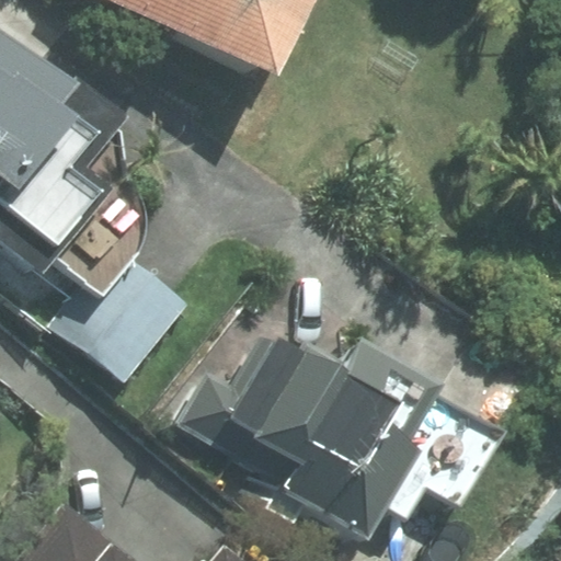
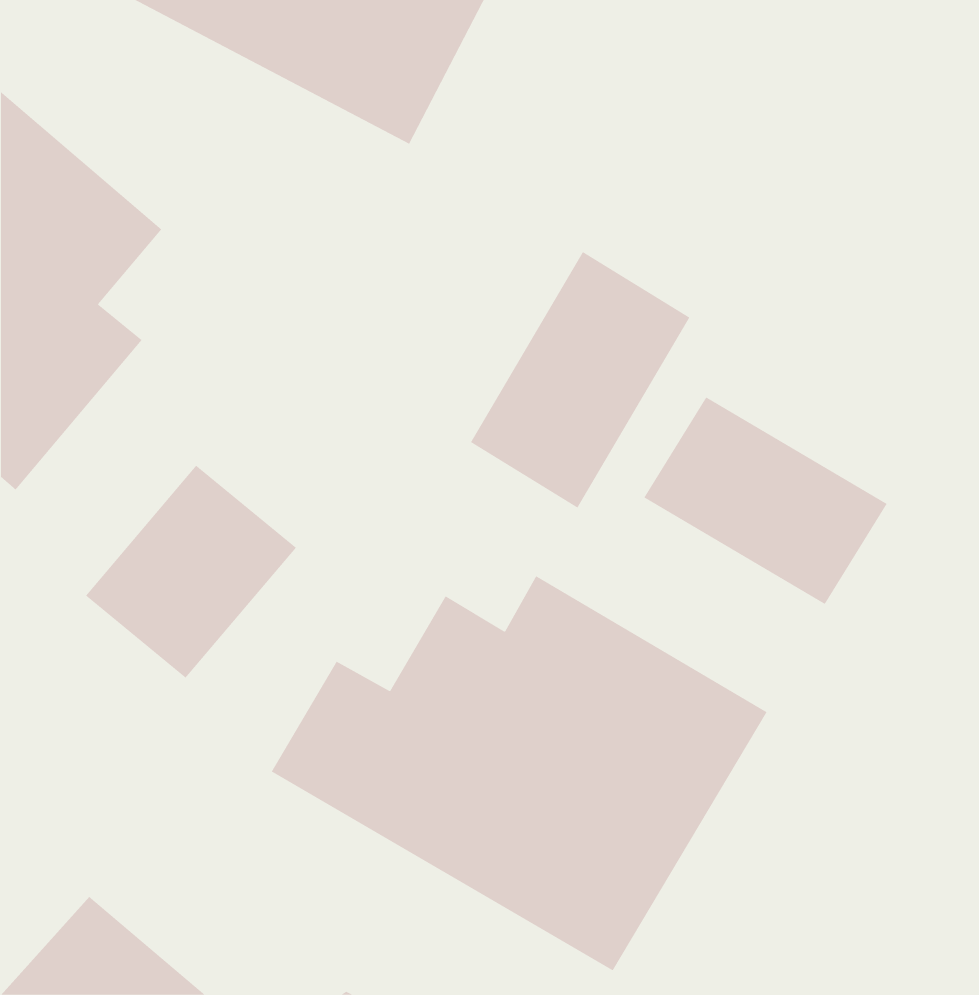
building: none -> [470,251,690,508]
building: none -> [643,396,887,605]

